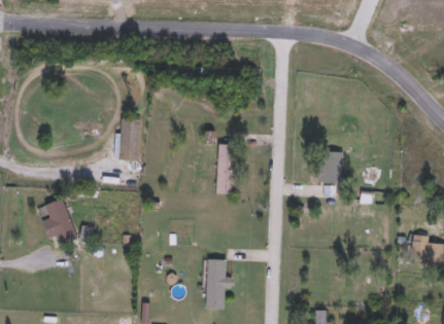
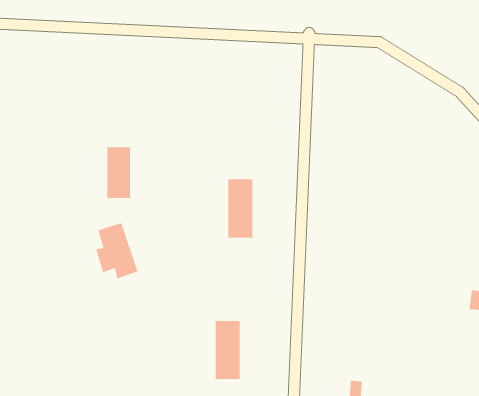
building: [317,152,342,183] -> none
building: [42,200,77,246] -> [95,222,138,280]

